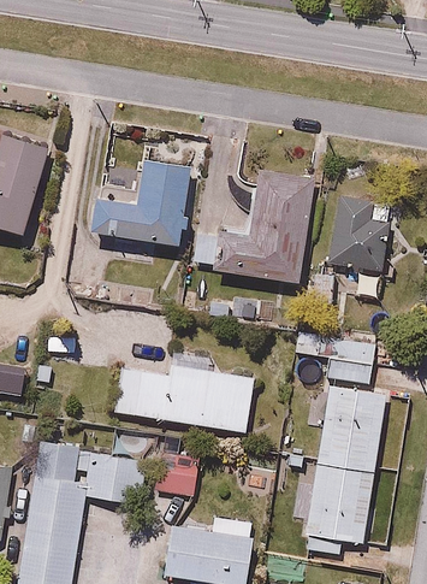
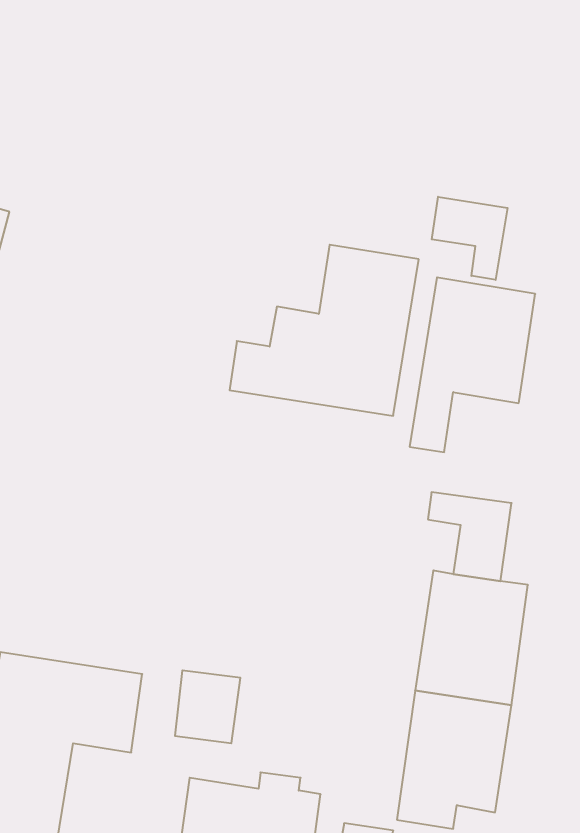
building: none -> [432,197,508,280]
building: [93,157,191,273] -> none
building: [112,366,257,437] -> none

